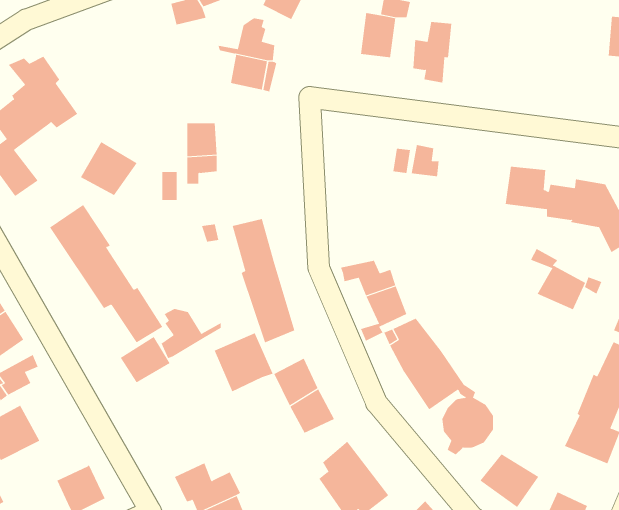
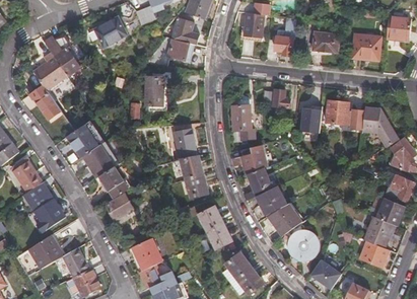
building: none -> [88,19,126,48]
building: none -> [315,26,343,51]
building: none -> [351,32,378,59]
building: [80,141,137,196] -> none
building: none -> [232,96,258,136]
building: none -> [297,108,320,133]
building: [530,248,586,310] -> none
building: [161,308,221,359] -> none
building: [214,332,273,392] -> [128,240,161,274]
building: none -> [61,246,89,276]

